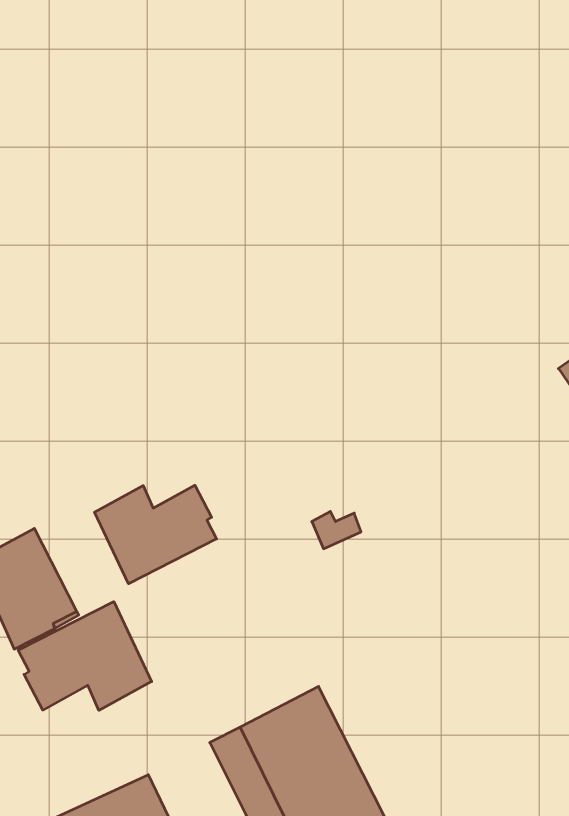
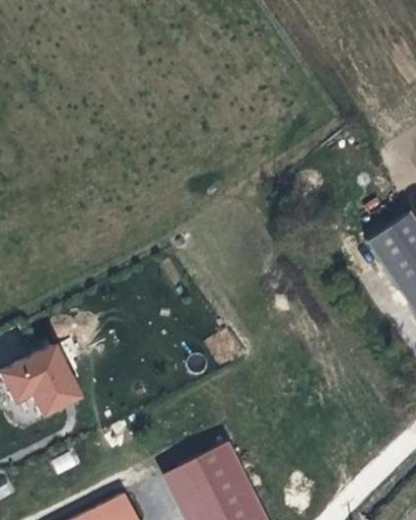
building: [95,485,217,584] -> none
building: [18,602,152,710] -> none

